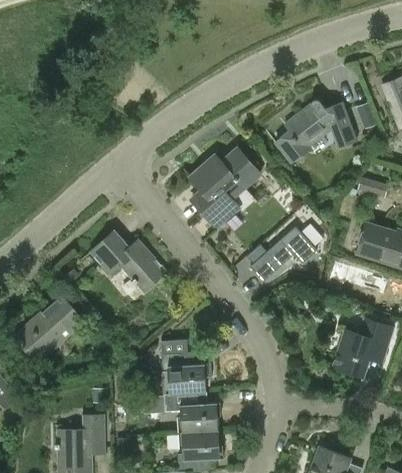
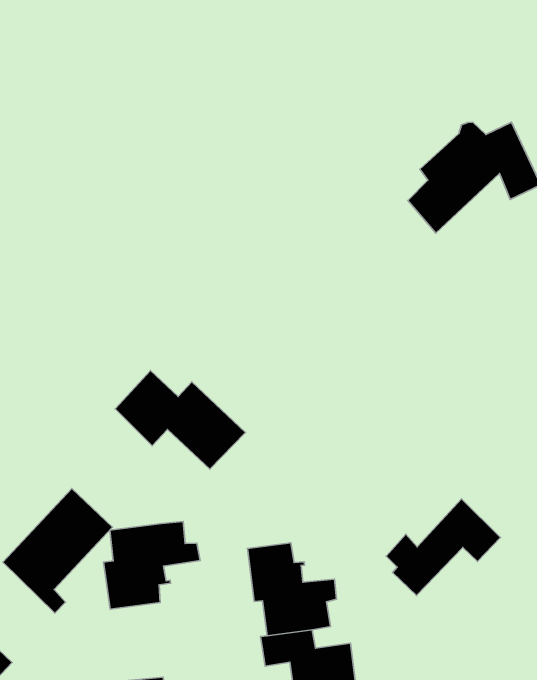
building: [190,149,259,228] -> none
building: [249,224,318,279] -> [386,499,500,596]
building: none -> [104,521,200,609]

